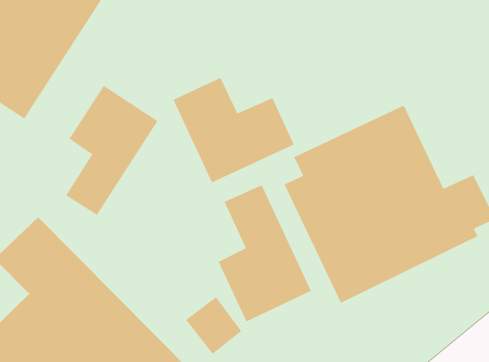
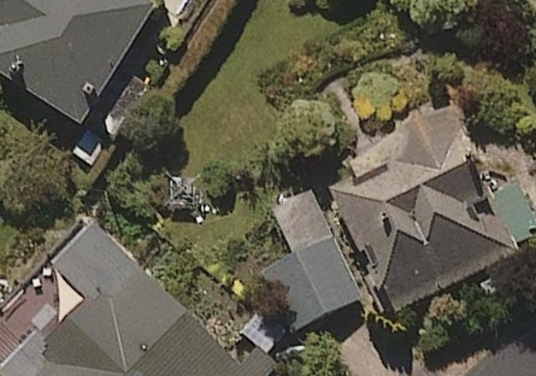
building: [173,77,295,183] -> none
building: [65,85,158,216] -> none

